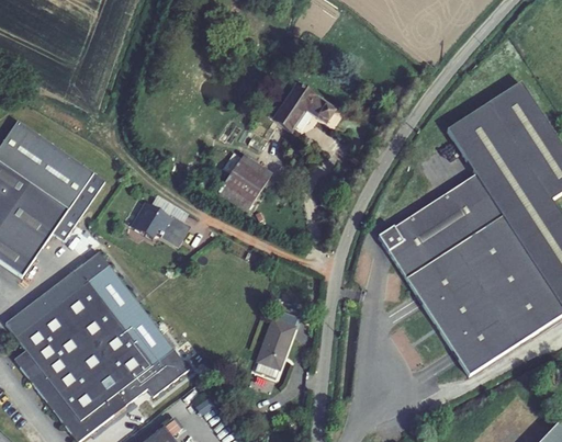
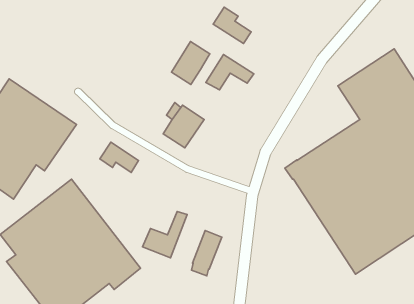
building: none -> [213,7,251,44]
building: none -> [172,41,210,84]
building: none -> [143,211,187,258]

